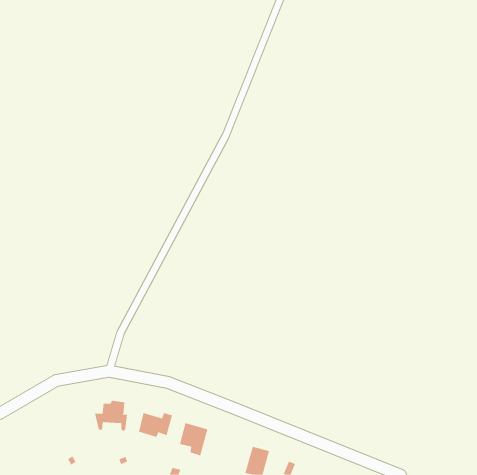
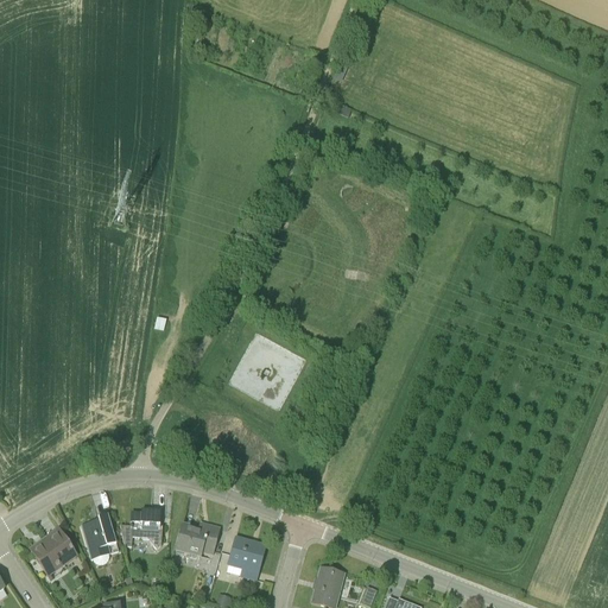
building: none -> [82,513,119,558]
building: none -> [31,528,76,572]

